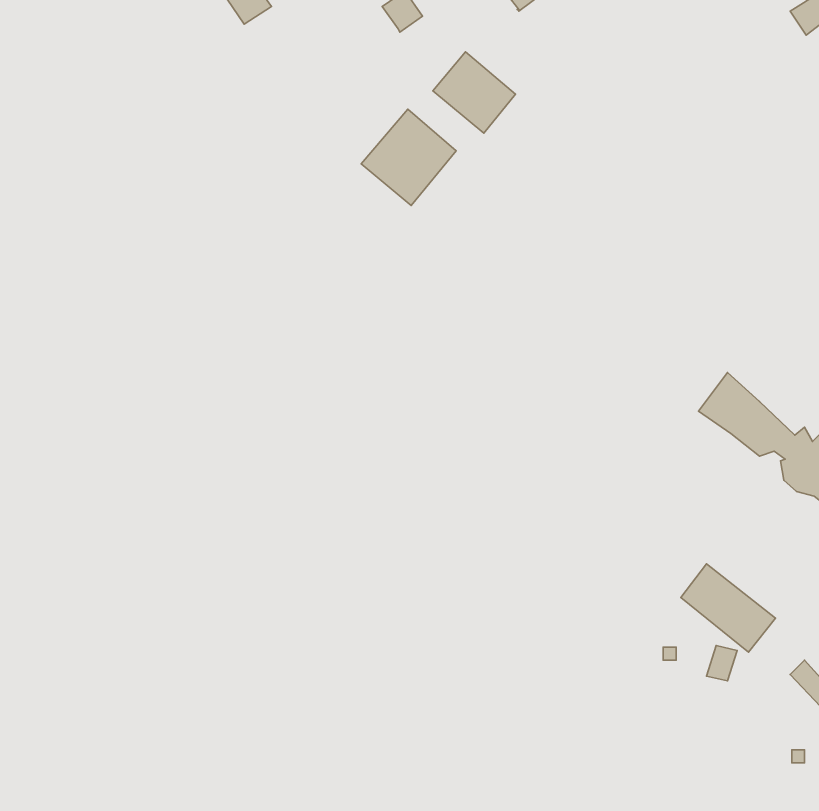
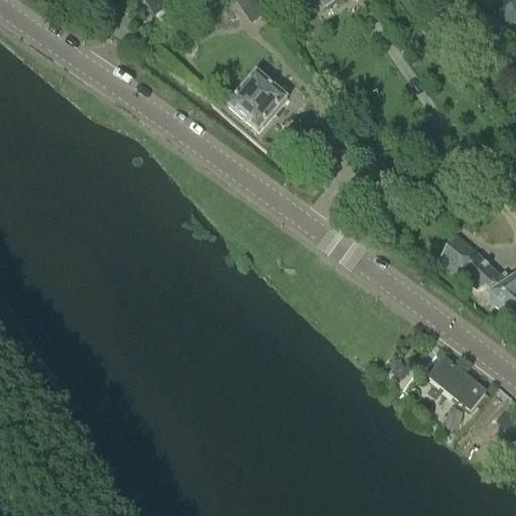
building: [433,52,515,133] -> none

